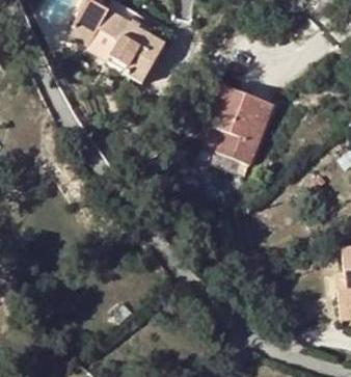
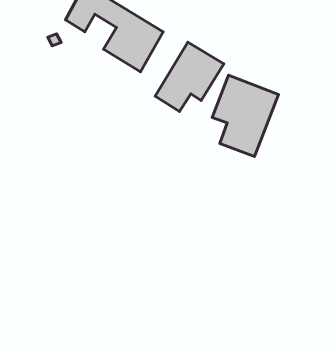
building: none -> [155,42,224,111]

